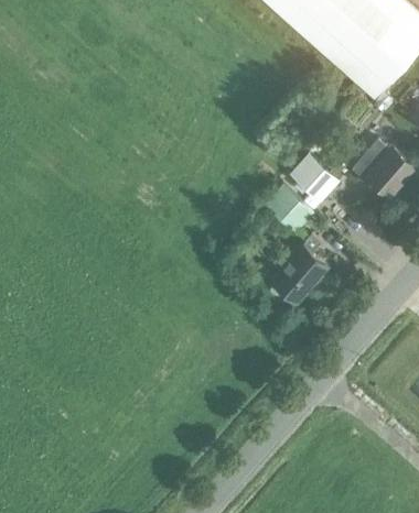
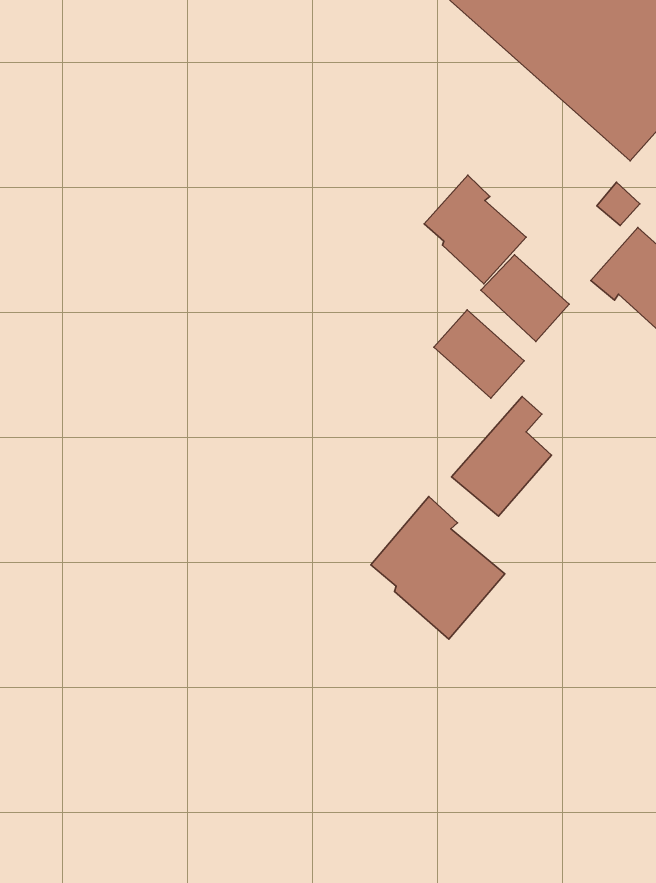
building: none -> [424,175,526,284]
building: none -> [371,497,505,639]

